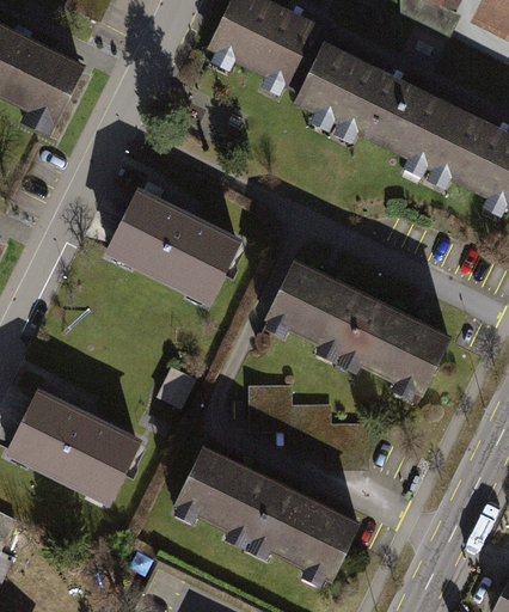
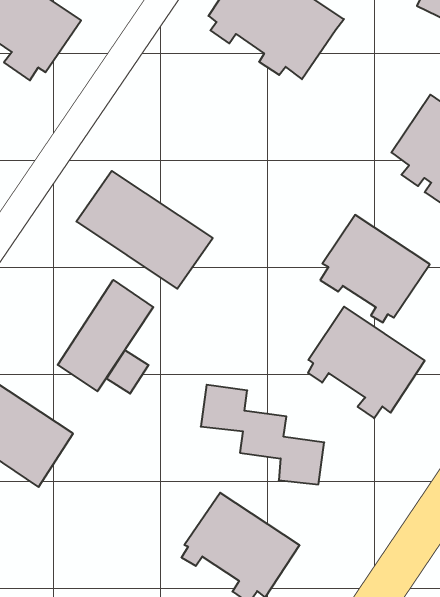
building: [295,41,421,147] -> none
building: [269,259,368,355] -> [320,215,430,322]
building: none -> [58,280,153,391]
building: [176,446,277,544] -> none

